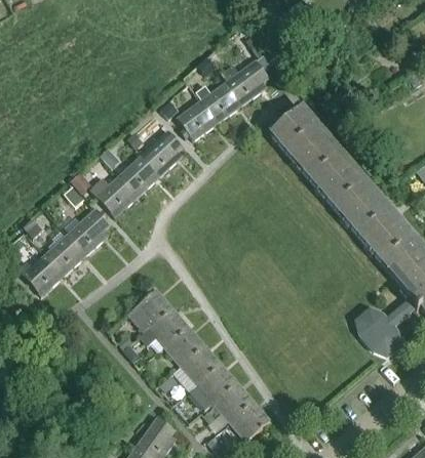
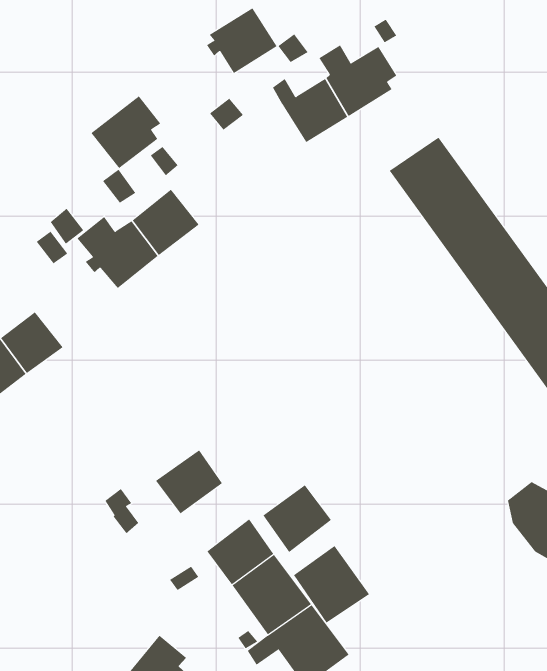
building: [177,99,219,139] -> [206,7,278,74]
building: [142,130,183,174] -> [91,95,161,169]
building: [68,208,110,253] -> none
building: [127,286,171,330] -> none
building: [163,325,204,366] -> [262,484,332,553]
building: none -> [293,545,370,624]

